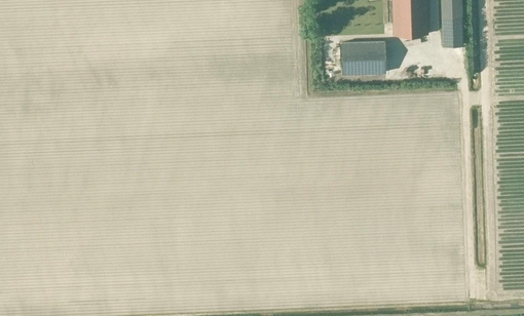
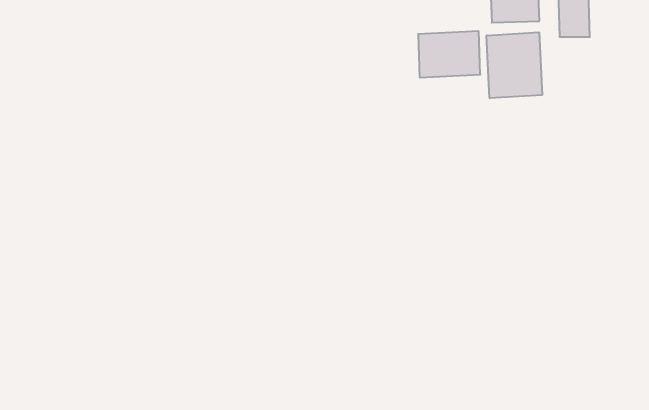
building: none -> [487,32,542,98]

